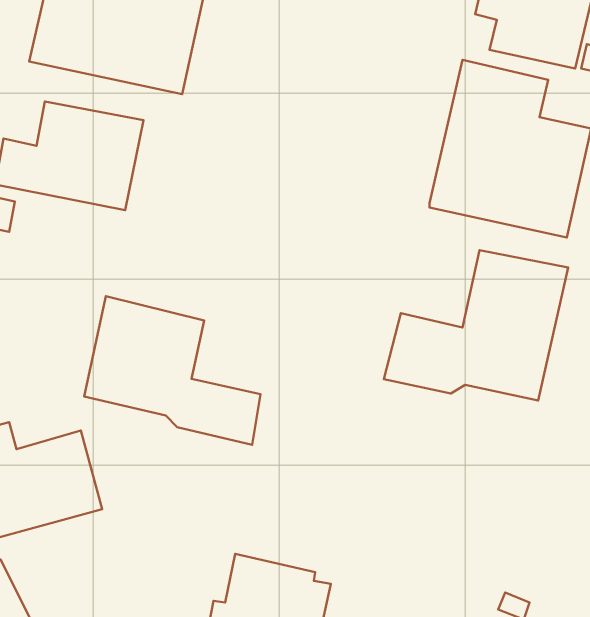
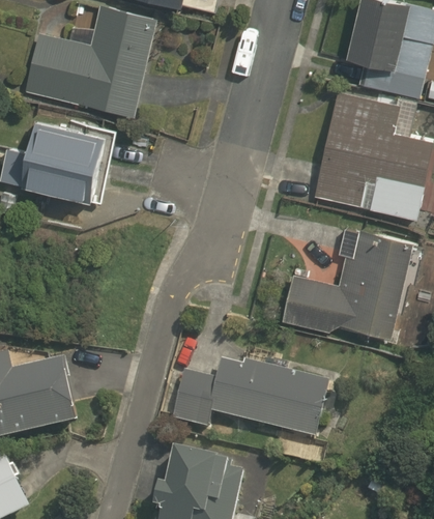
building: [84,296,261,445] -> none
building: none -> [171,356,328,439]

